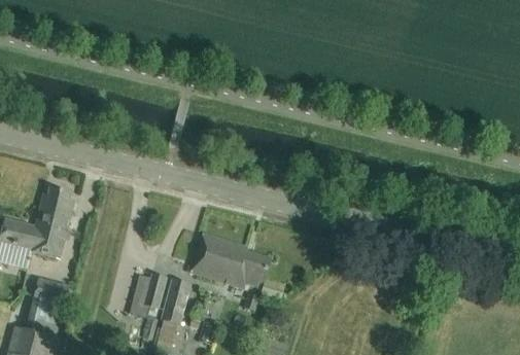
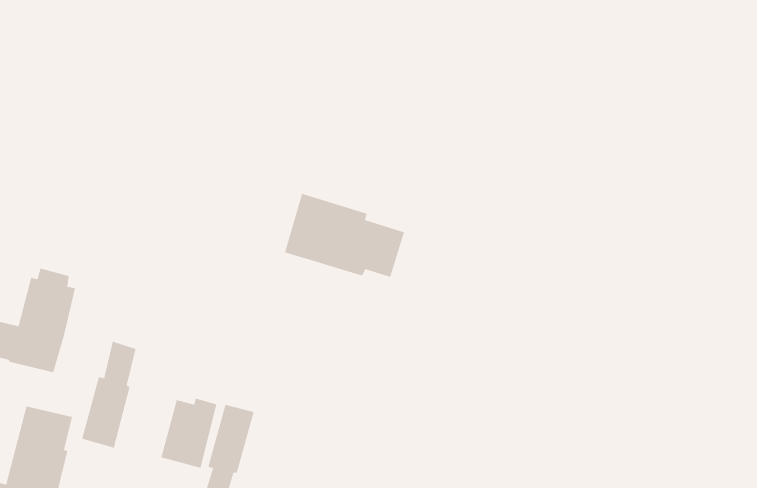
building: [190,233,270,288] -> [284,193,405,278]
building: none -> [82,341,136,448]

